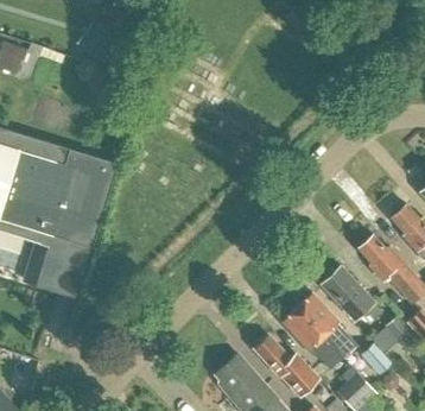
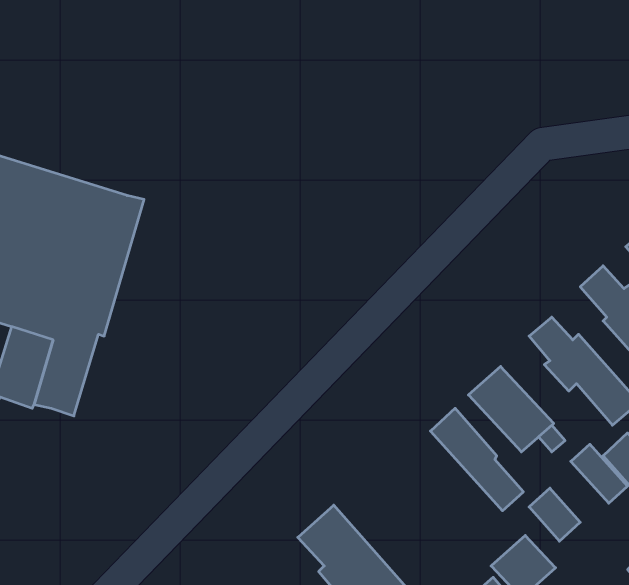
building: [283,308,343,369] -> none
building: [254,334,319,398] -> none

